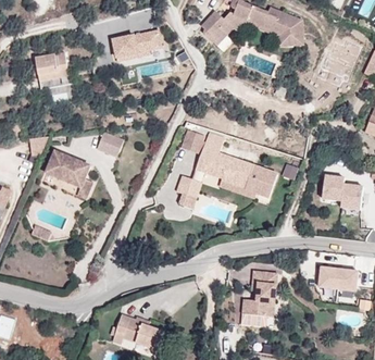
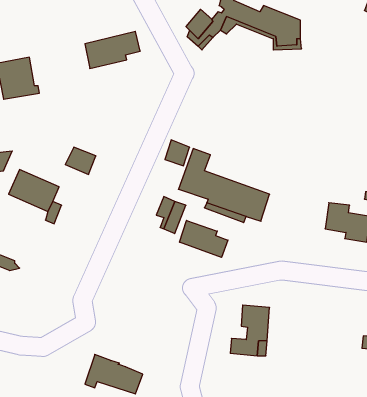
building: none -> [180,220,228,257]
building: [316,265,358,290] -> none

